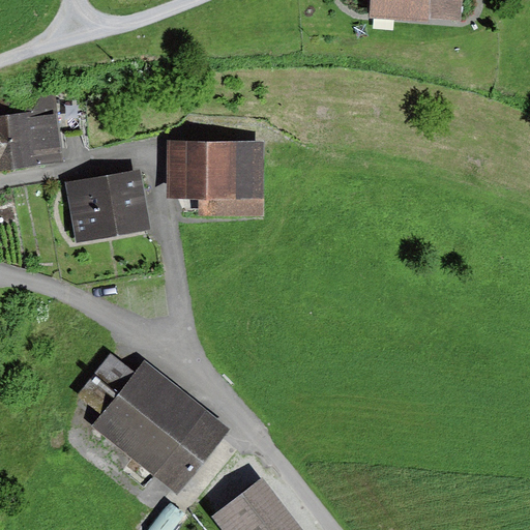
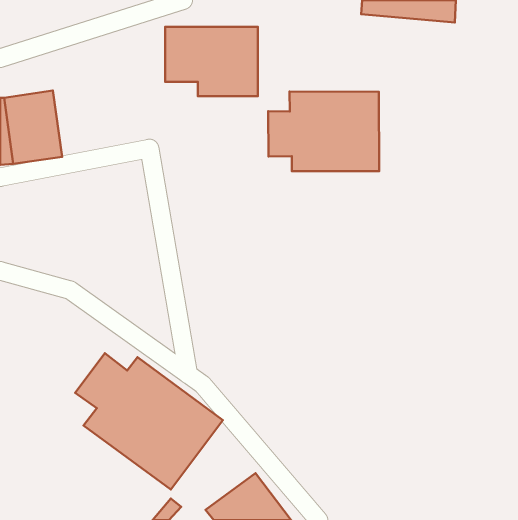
building: none -> [268,92,379,171]
building: [167,142,261,212] -> [165,27,258,96]
building: [70,166,154,240] -> none

